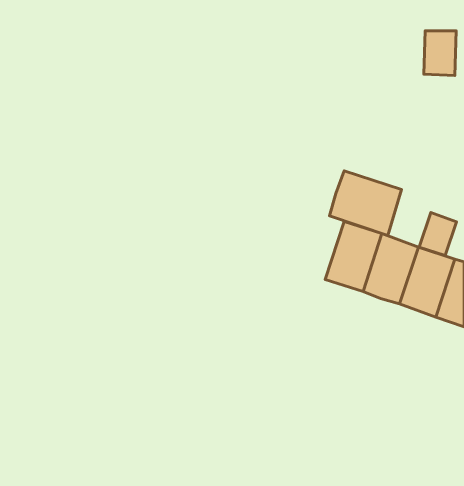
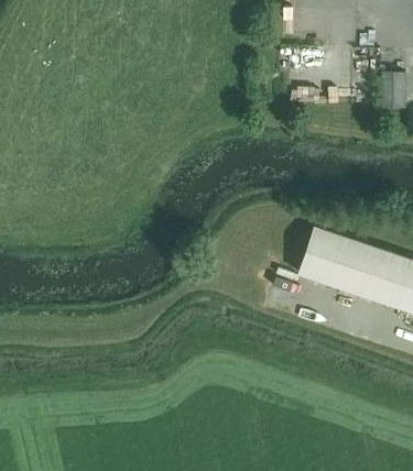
building: [330,171,402,236] -> none
building: [419,212,456,256] -> none

